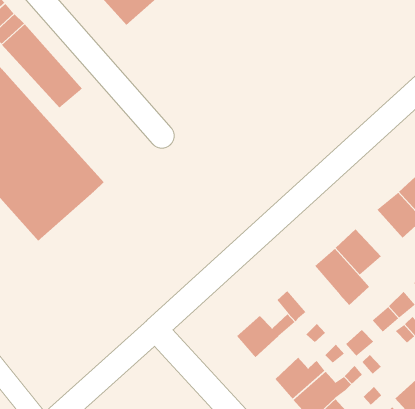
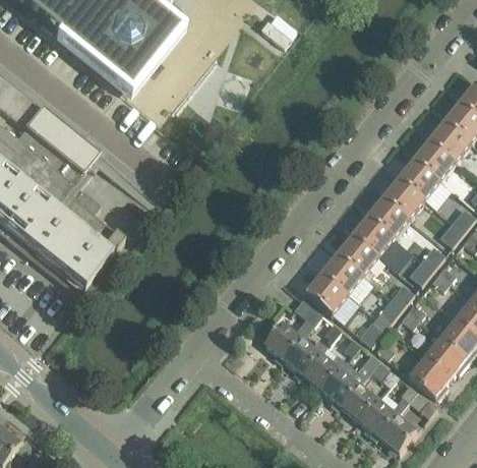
building: none -> [352,216,394,255]
building: none -> [306,273,347,313]
building: none -> [284,338,326,375]

